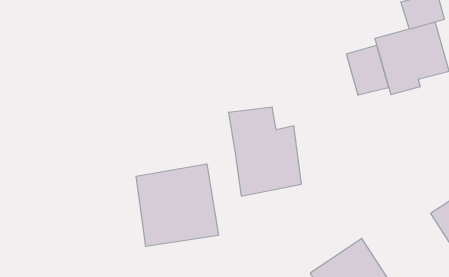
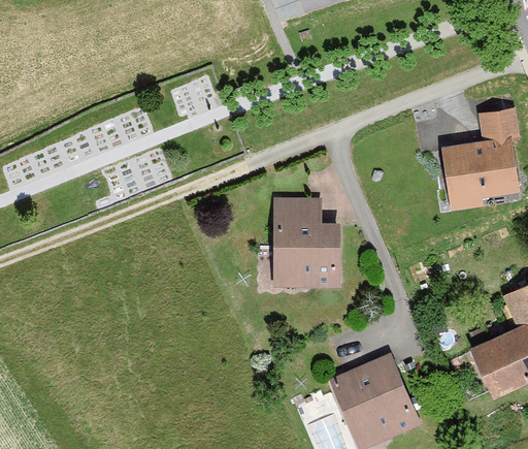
building: [346,45,389,95] -> none
building: [136,164,218,246] -> none

